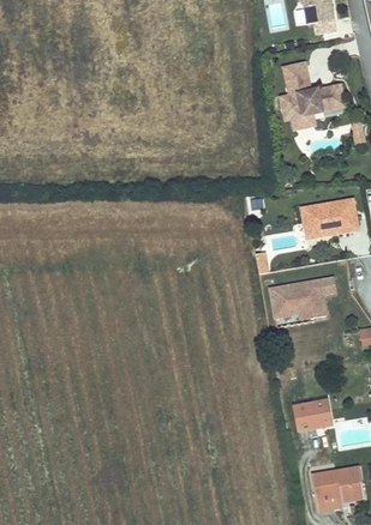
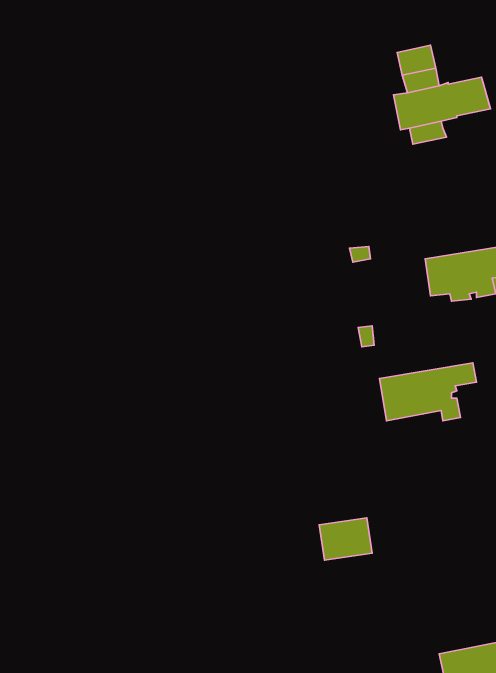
building: [294,399,330,428] -> [319,518,372,560]

